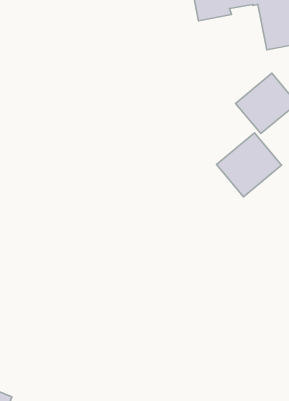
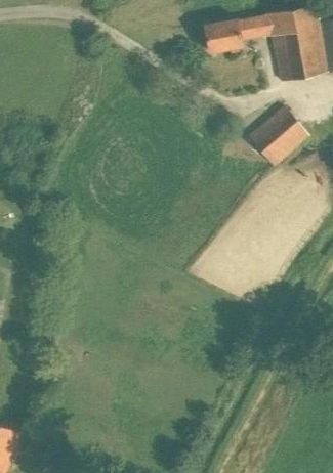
building: [217,133,282,197] -> none

